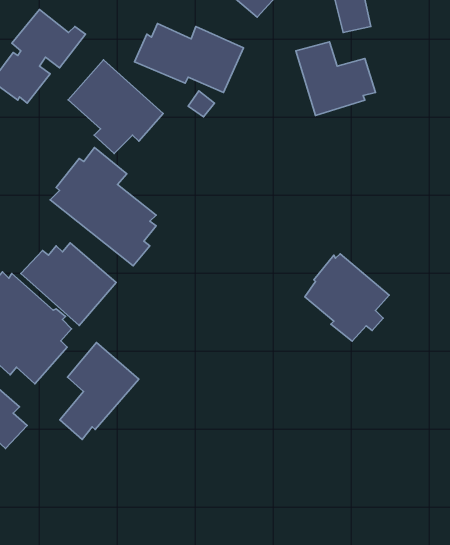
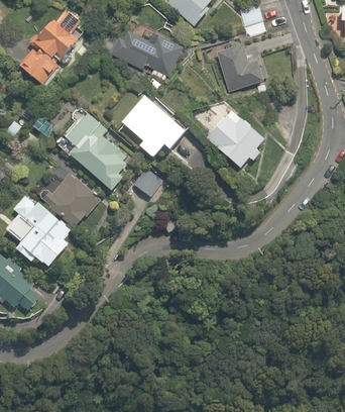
building: [68,60,163,153] -> [120,95,183,157]
building: none -> [134,166,166,197]
building: [305,254,389,341] -> [208,109,263,167]
building: [60,342,139,439] -> none

